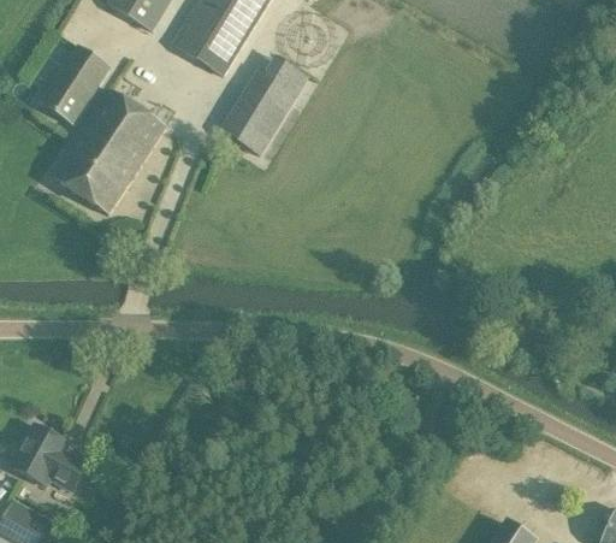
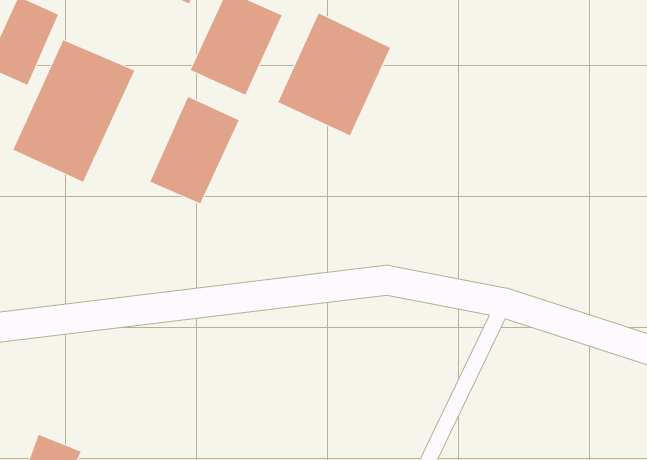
building: none -> [278,13,391,136]
building: none -> [150,96,239,204]

